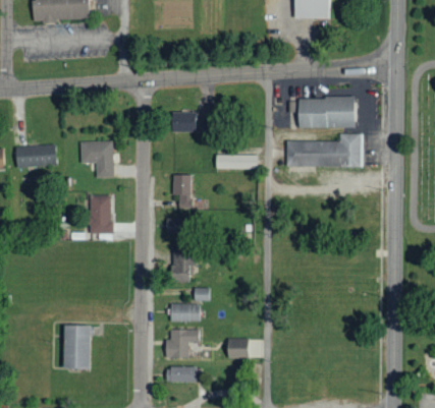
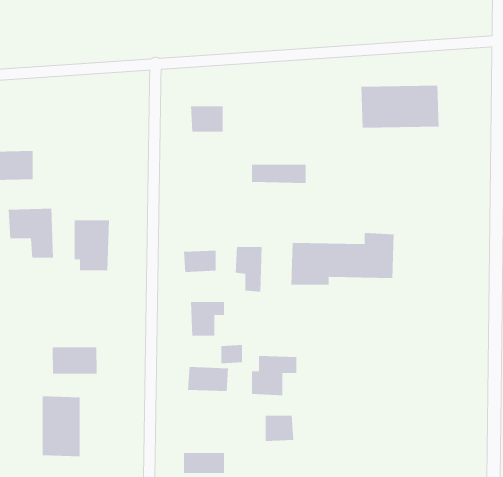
building: [286,133,363,172] -> [291,233,394,285]
building: [79,140,113,177] -> [8,208,54,258]
building: [172,175,193,209] -> [235,246,262,292]
building: none -> [52,346,97,374]
building: [165,329,199,358] -> [251,355,297,396]

